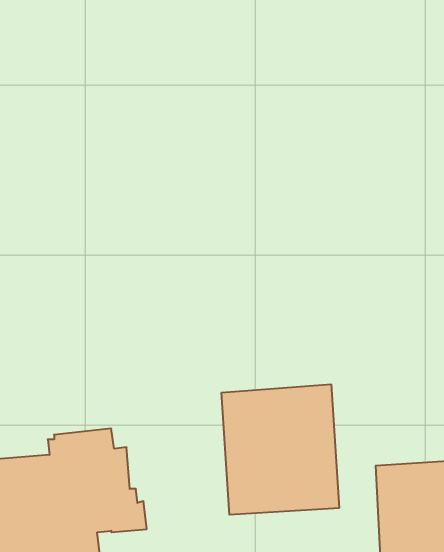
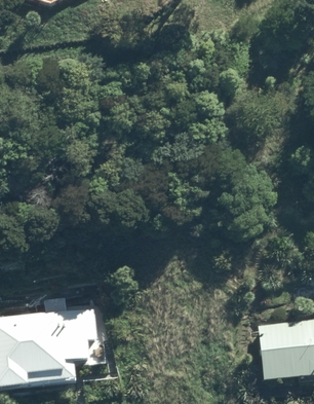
building: [222,384,339,515] -> none

